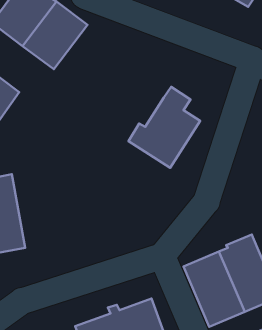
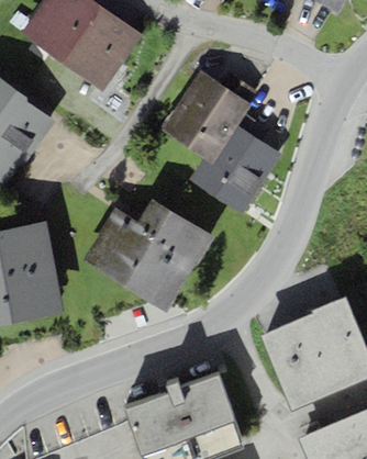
building: none -> [160,71,249,163]
building: none -> [84,200,213,312]

